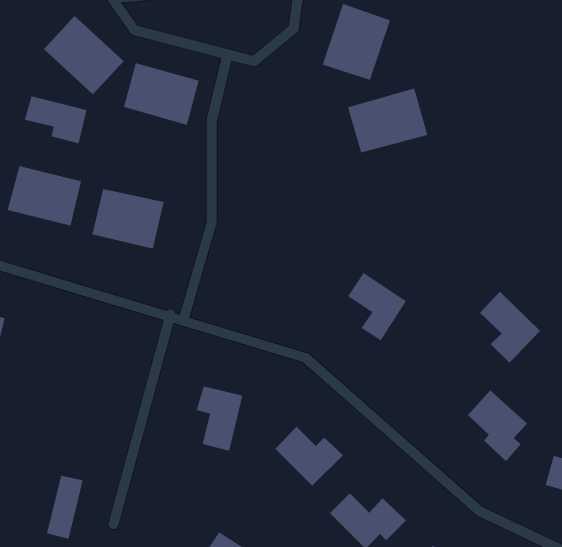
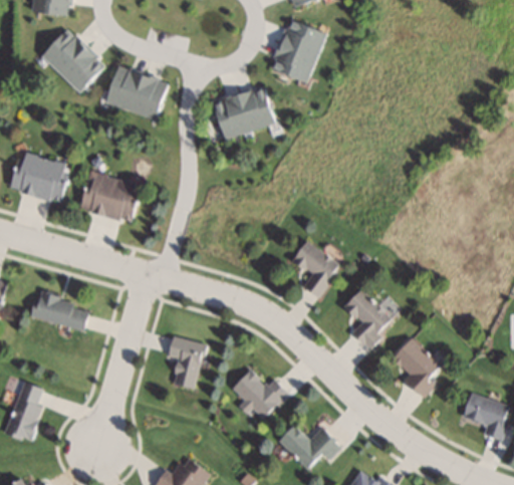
building: [347,88,428,153] -> [212,85,279,140]
building: [24,96,87,144] -> none
building: [479,291,541,364] -> [342,289,394,349]
building: none -> [29,293,90,329]
building: [46,475,84,540] -> [10,383,41,436]

